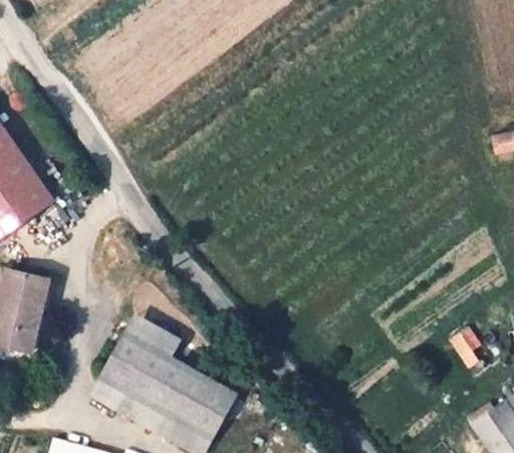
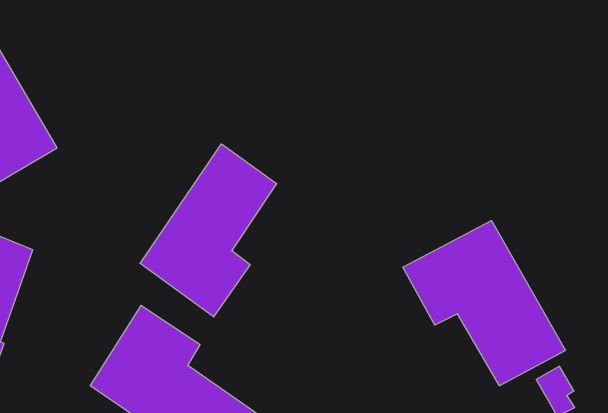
building: none -> [140,144,277,317]
building: none -> [403,221,565,386]

